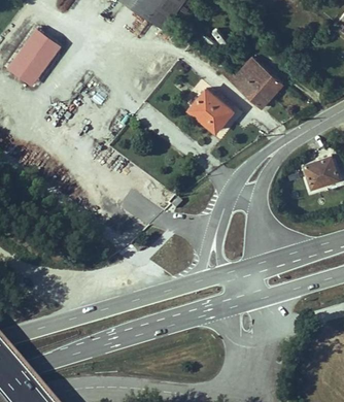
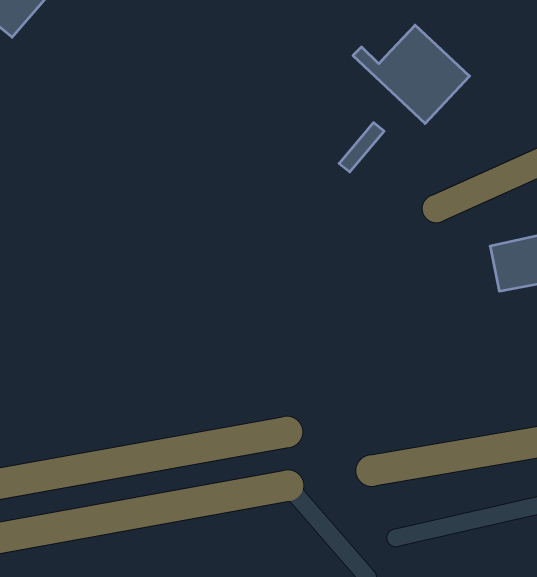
building: [185,89,230,131] -> none

